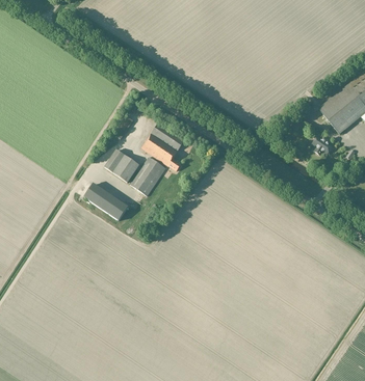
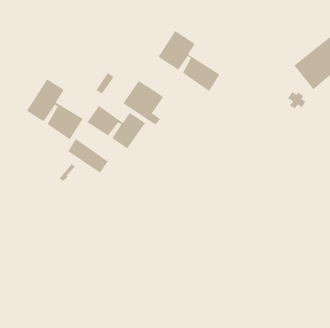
building: none -> [158,30,220,92]
building: none -> [26,78,83,140]

